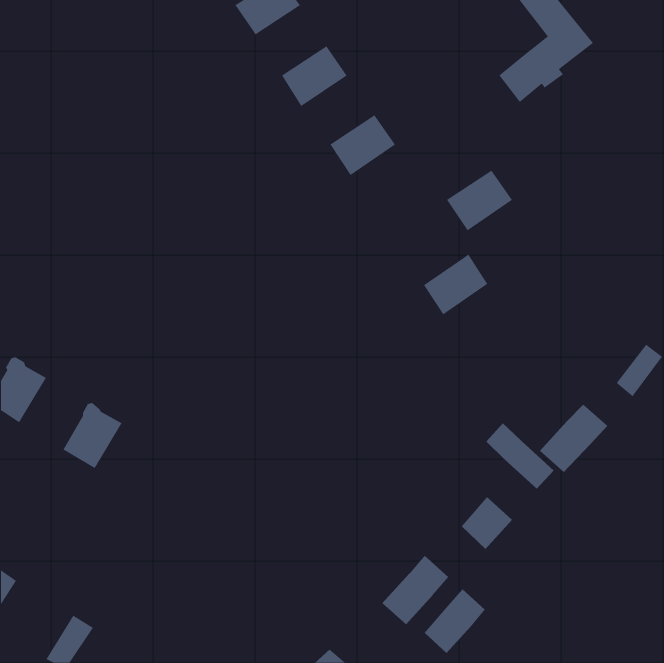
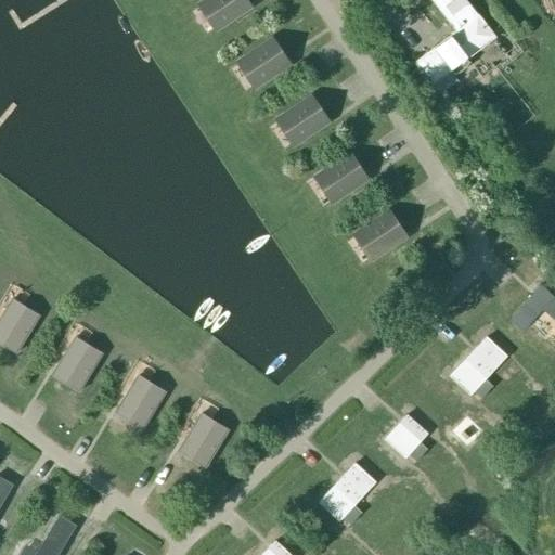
building: [446,170,513,231] -> [313,153,369,204]
building: [485,423,555,490] -> none
building: none -> [116,374,166,428]
building: none -> [179,412,229,466]
building: [424,588,486,654] -> none

